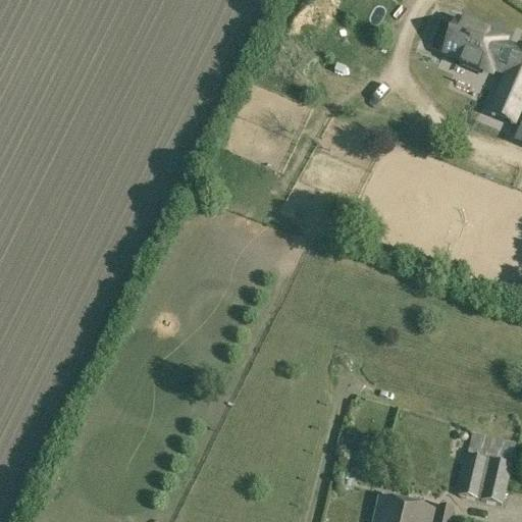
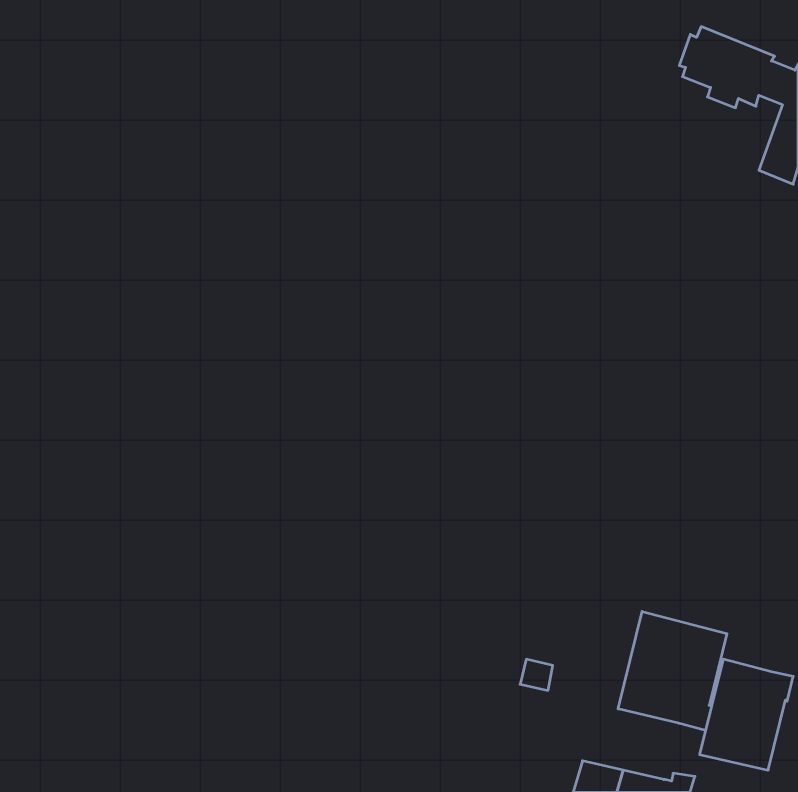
building: none -> [618,611,727,730]

